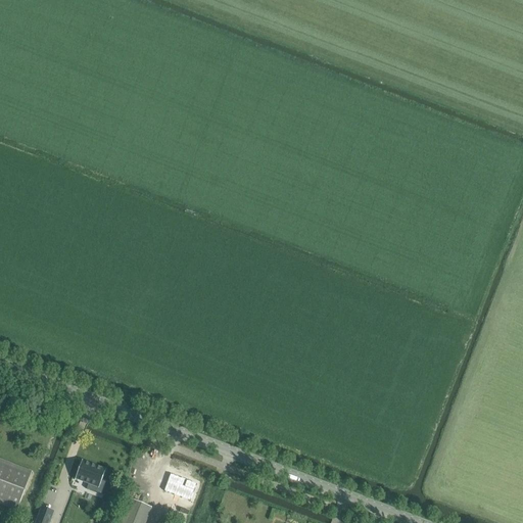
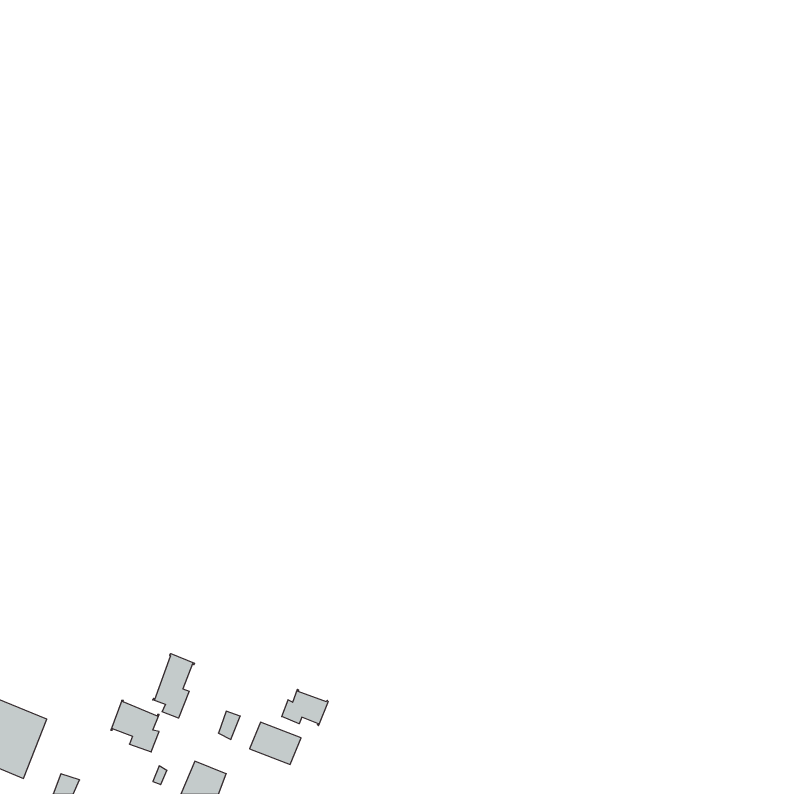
building: none -> [153,654,195,718]
building: none -> [282,689,328,726]

